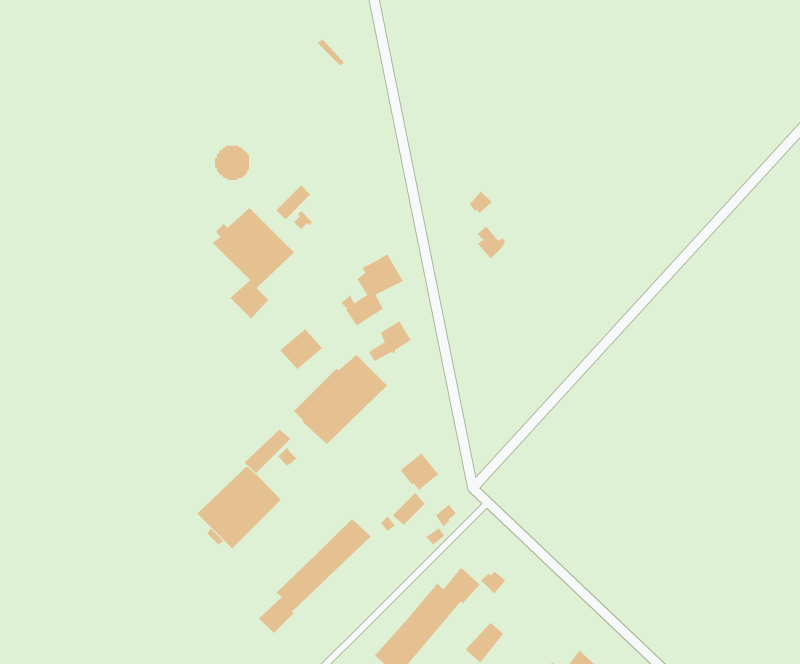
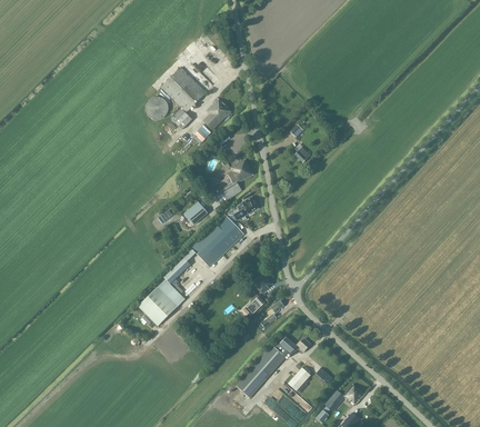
building: none -> [202,98,232,130]
building: [212,207,295,320] -> [160,67,207,130]
building: [258,518,371,634] -> none

